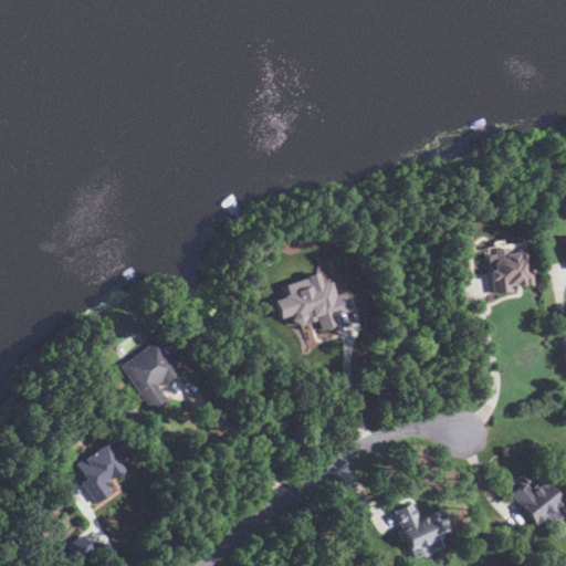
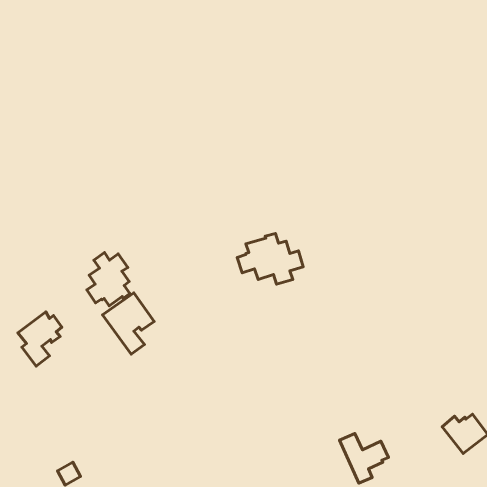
building: [486,240,536,295] -> none
building: none -> [87,253,130,306]
building: [76,442,127,505] -> [18,312,62,366]

